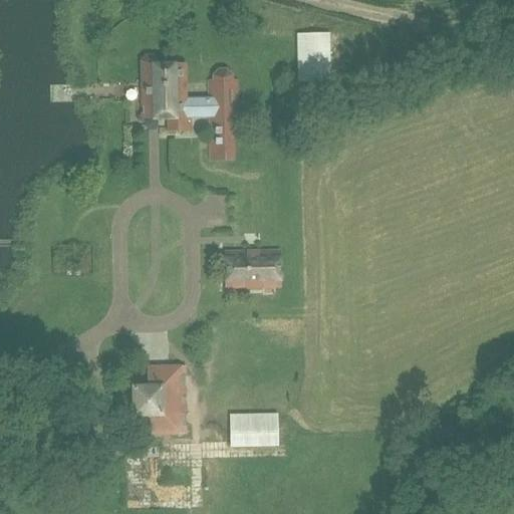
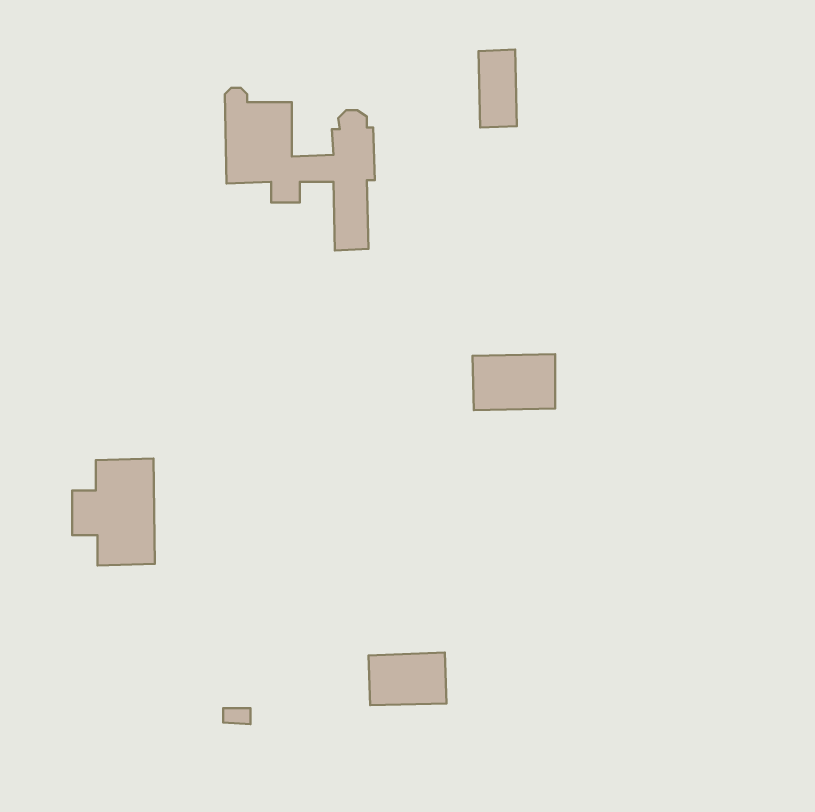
building: [226,250,278,285] -> [472,354,555,410]
building: [133,365,185,433] -> [72,459,155,565]

